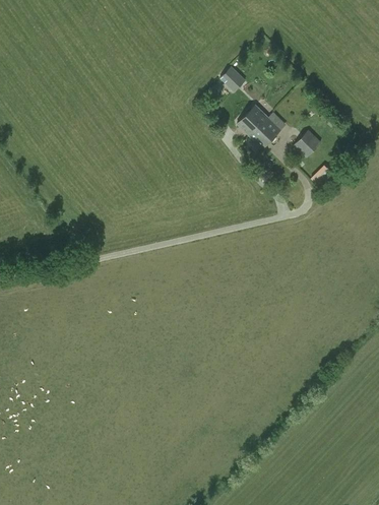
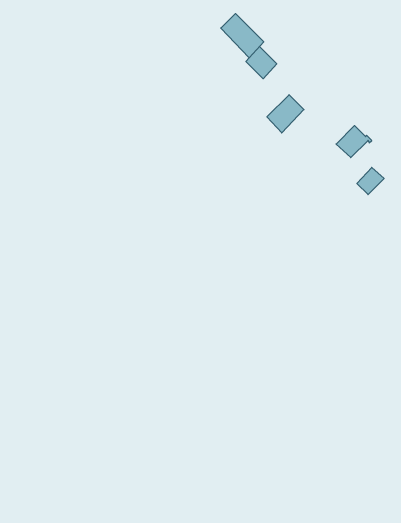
building: none -> [221,14,264,58]
building: [250,116,281,148] -> none

